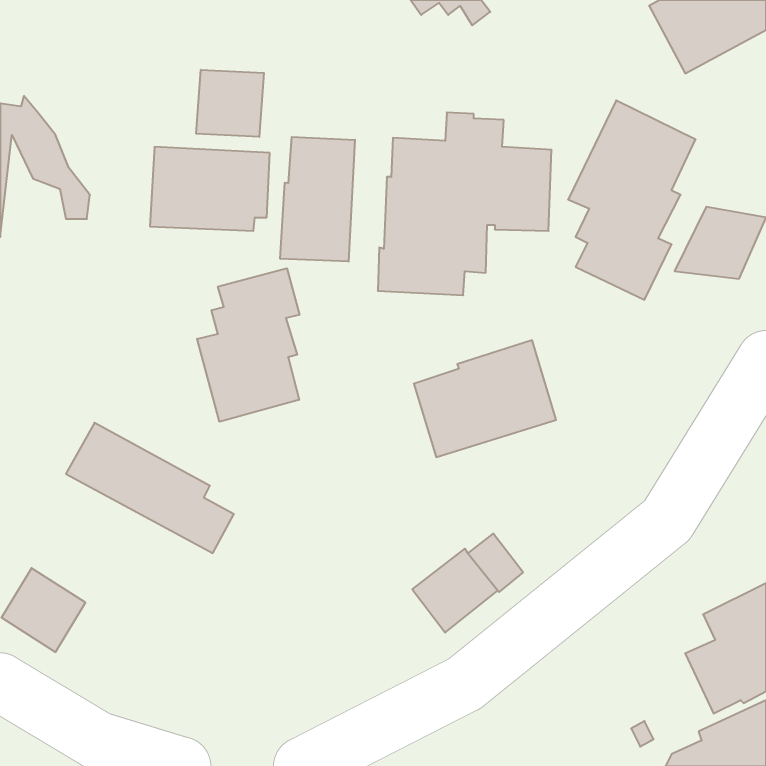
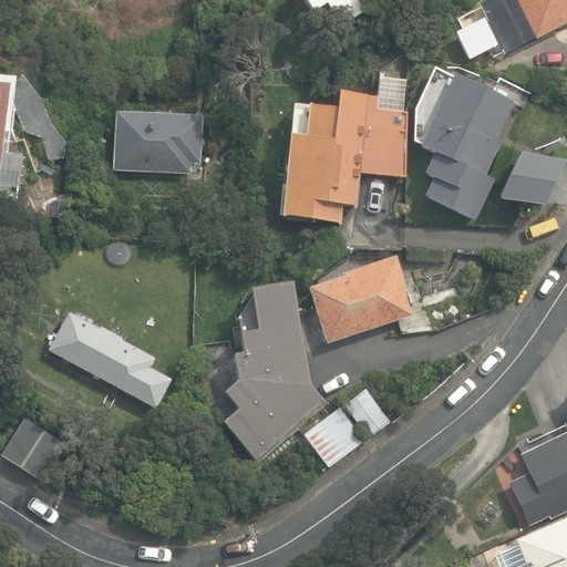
building: [196,70,264,137] -> none
building: [280,137,355,262] -> none
building: [197,268,299,422] -> none
building: none -> [223,281,326,463]

